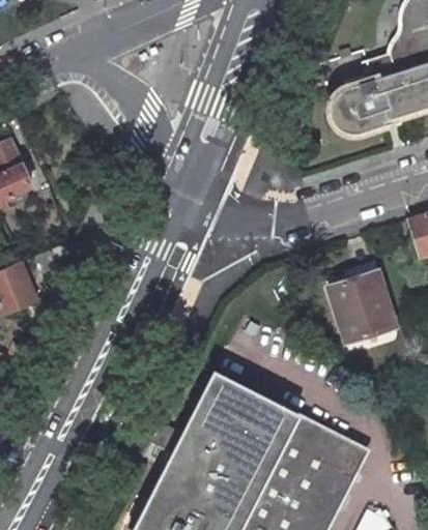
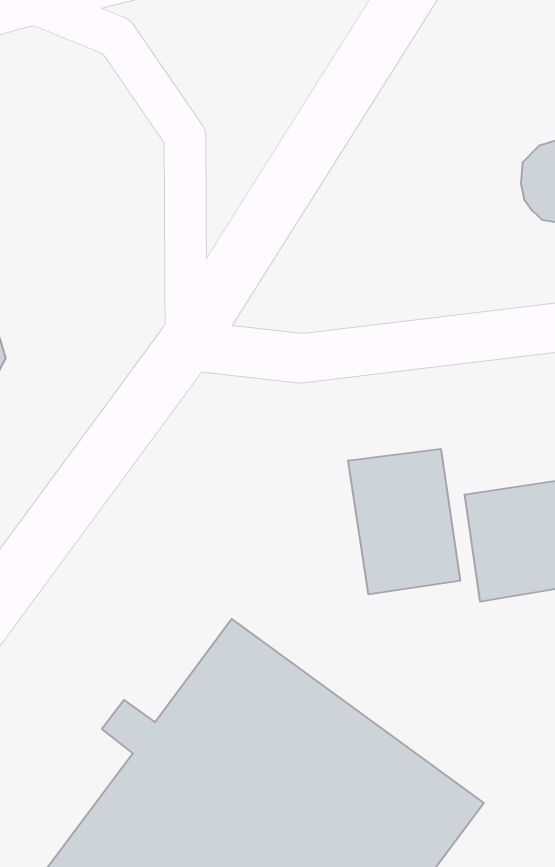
building: none -> [348,449,460,594]

